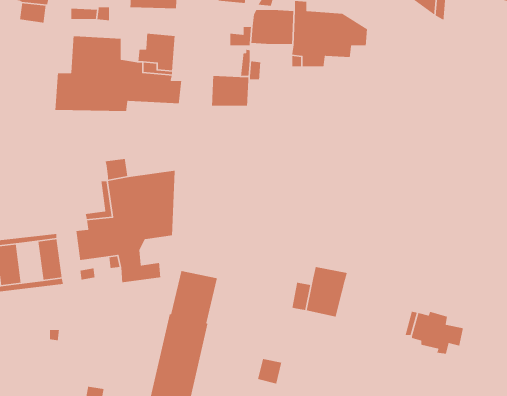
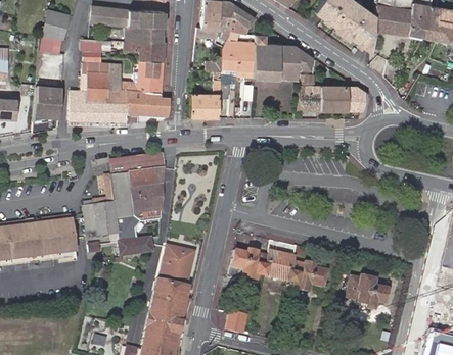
building: none -> [126,41,165,62]
building: none -> [298,74,367,110]
building: none -> [35,88,62,115]
building: none -> [125,154,164,171]
building: none -> [40,221,60,254]
building: none -> [230,249,258,277]
building: none -> [288,260,326,291]

